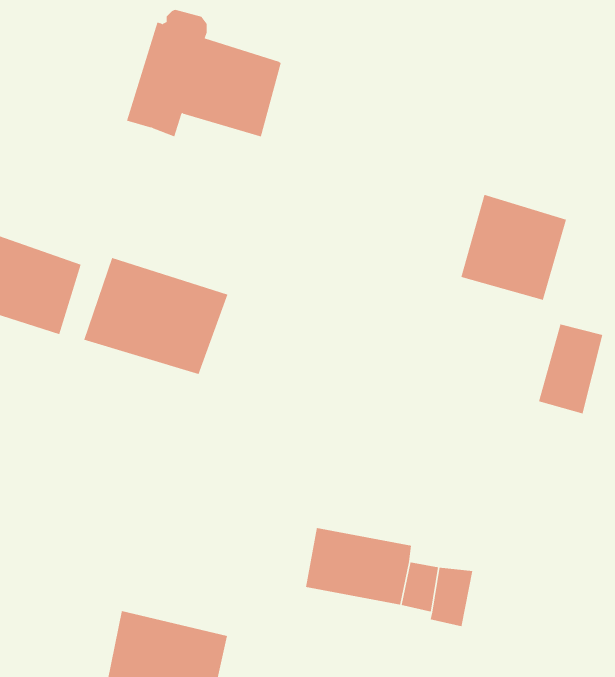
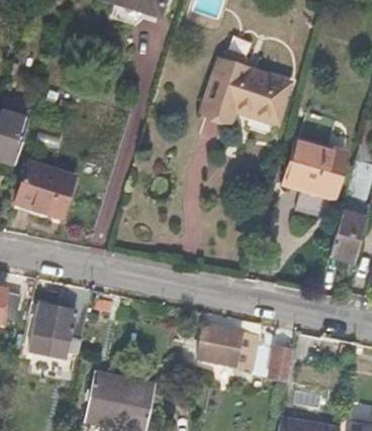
building: [126,9,281,137] -> [201,52,288,124]
building: [84,257,228,375] -> none
building: none -> [31,287,91,358]

